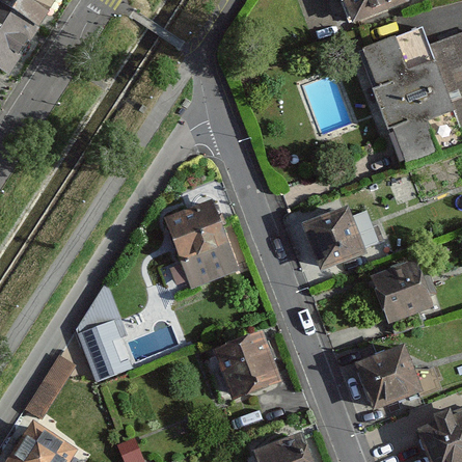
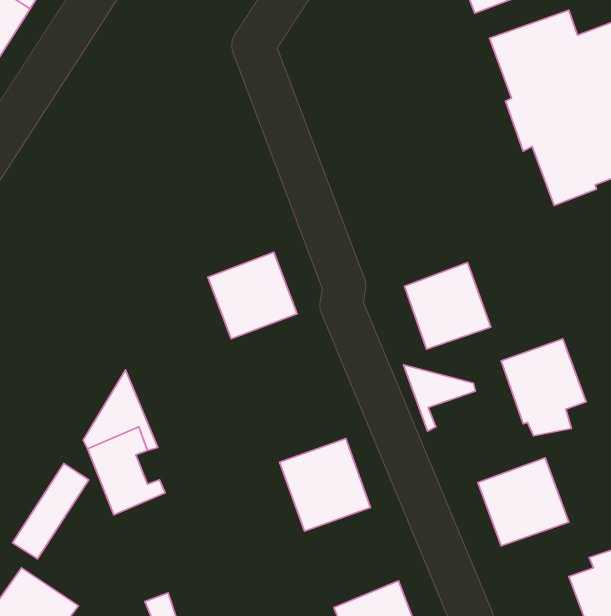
building: [181,243,237,286] -> none
building: none -> [404,365,476,431]

